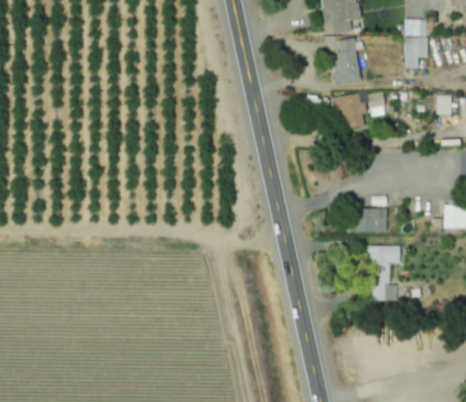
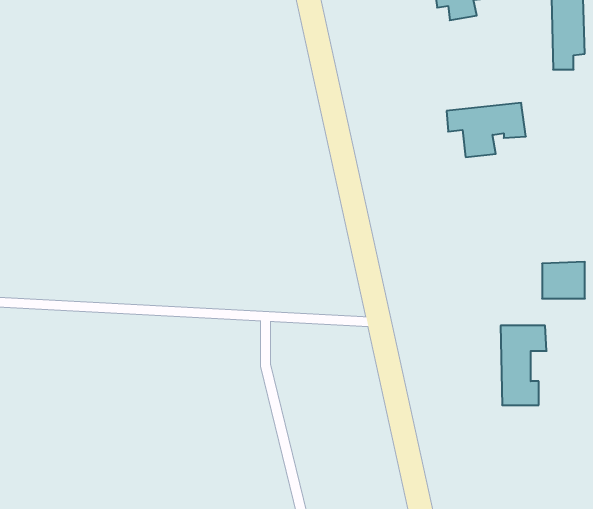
building: [333,37,361,84] -> none
building: [356,207,386,232] -> [542,262,585,299]

